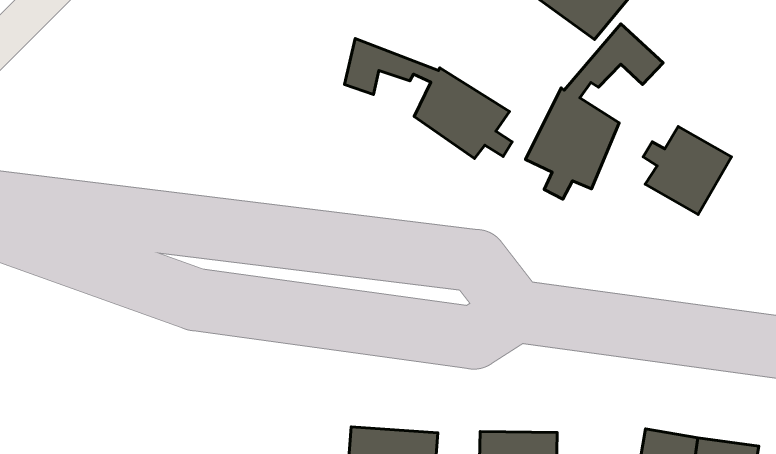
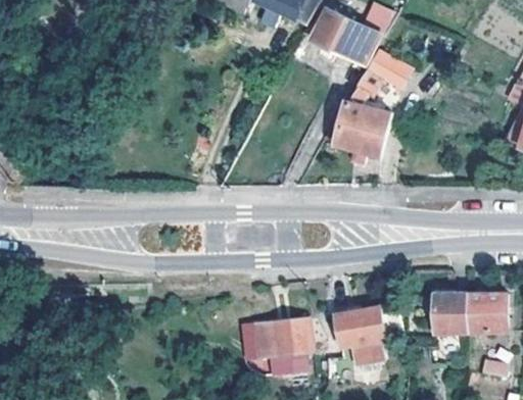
building: [345,38,512,159] -> none
building: [643,126,732,214] -> none

